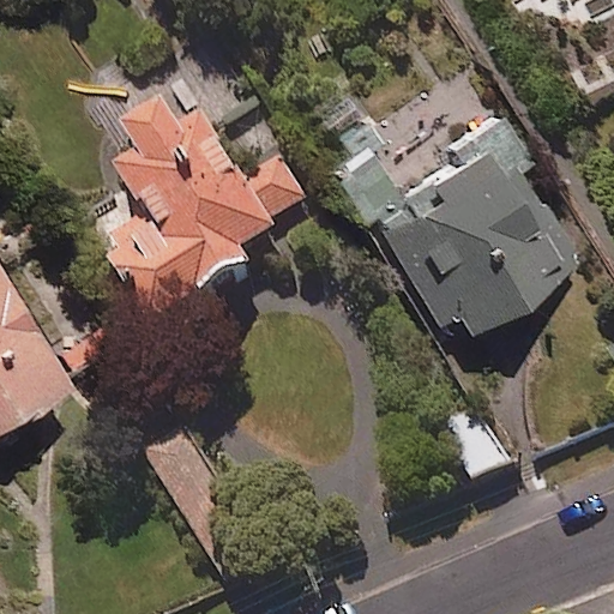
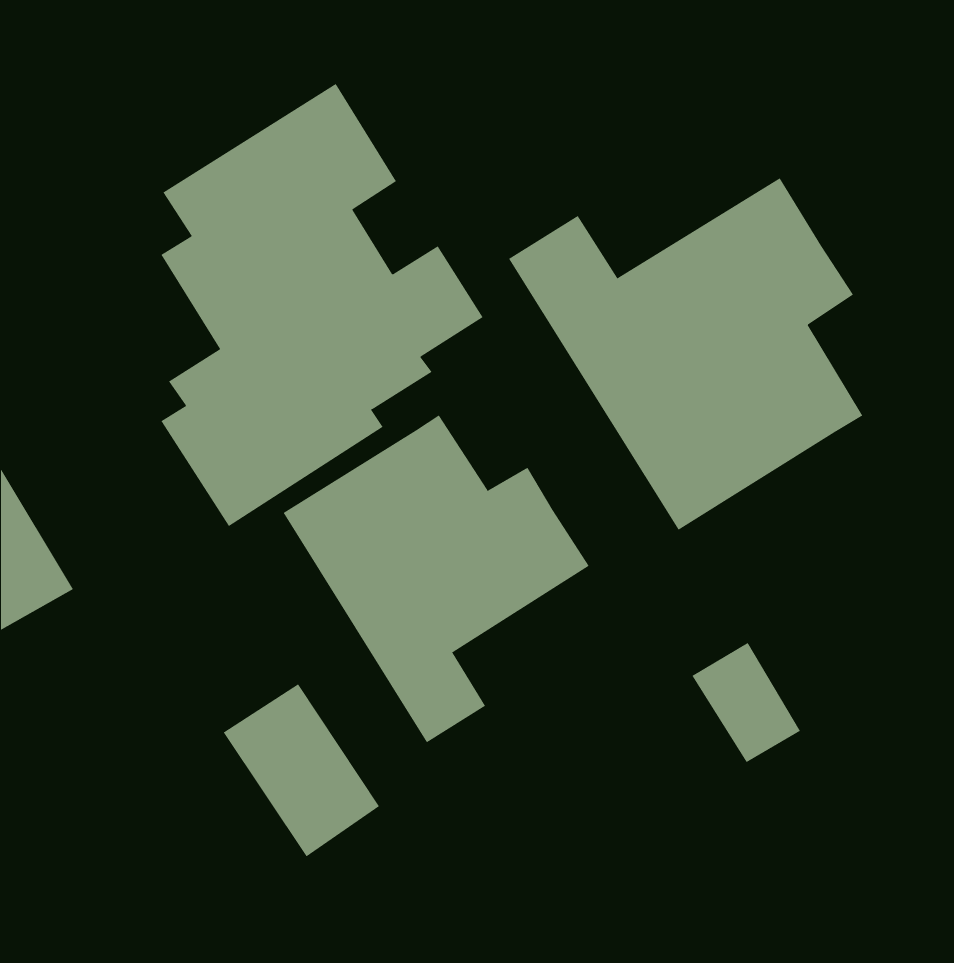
building: none -> [283,415,589,743]

